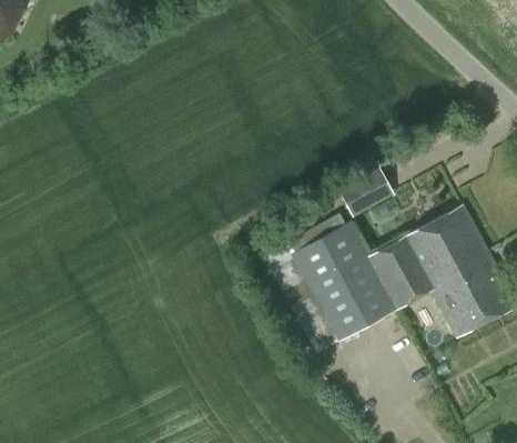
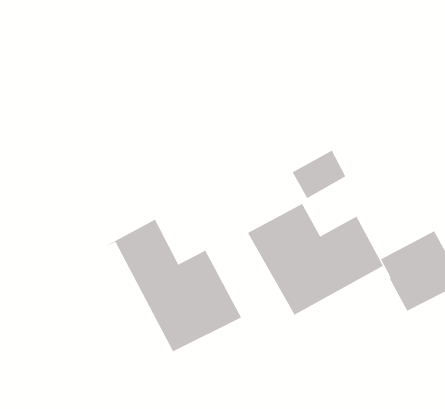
building: [404,207,485,282] -> none
building: none -> [105,219,242,352]

